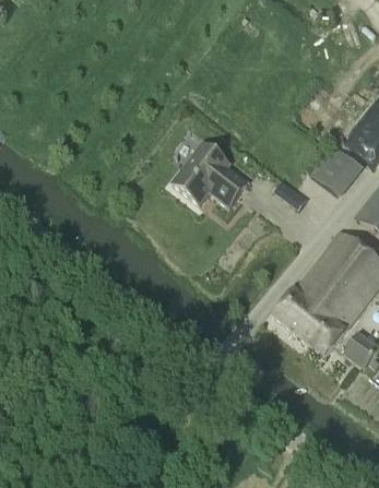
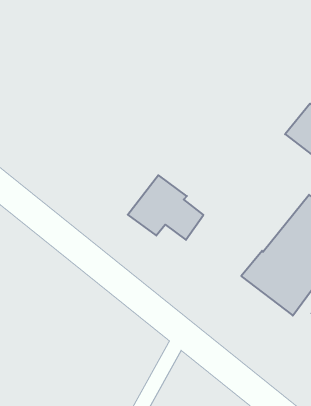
building: [173,142,248,206] -> [128,175,203,240]

